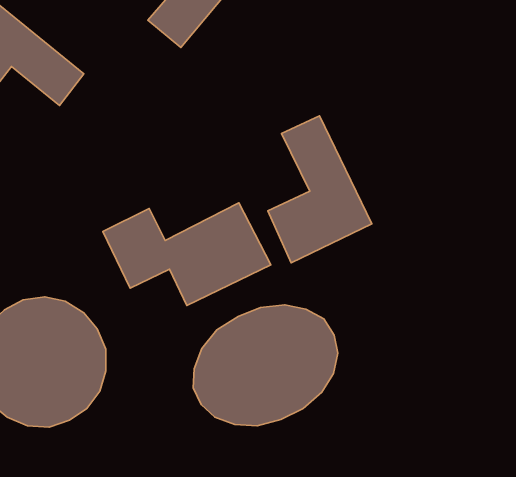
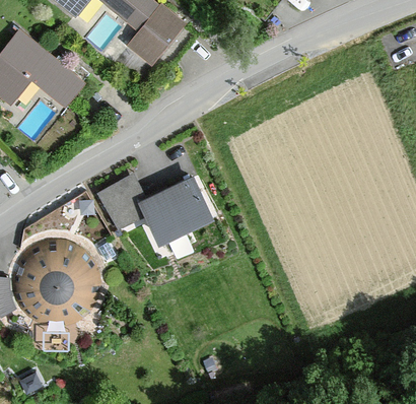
building: [268,116,372,263] -> none
building: [193,305,338,426] -> none

